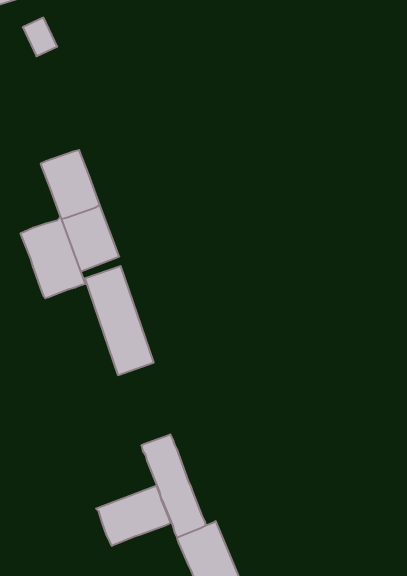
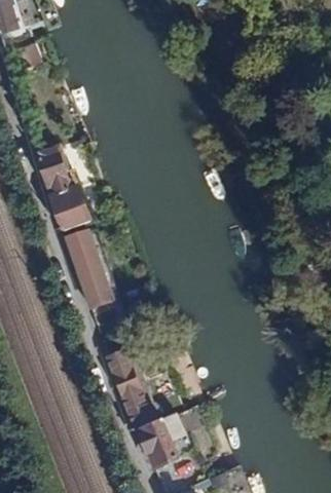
building: [21,217,85,298] -> none
building: [96,485,170,546] -> none

